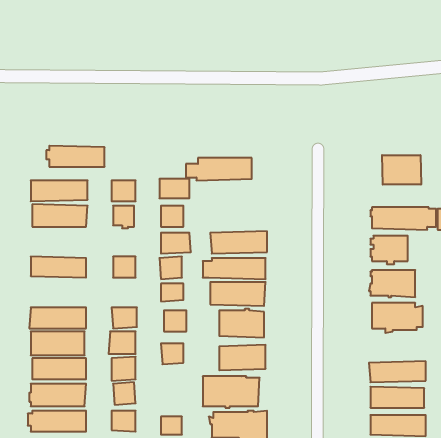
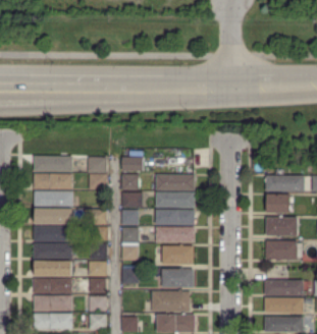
building: [46,146,105,167] -> [33,190,72,205]
building: [382,155,421,185] -> none
building: [186,158,252,180] -> [149,174,194,189]
building: none -> [34,226,78,240]

